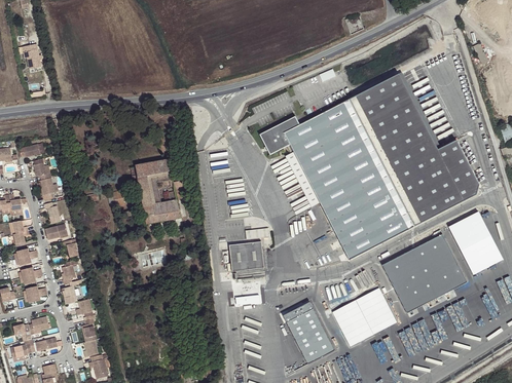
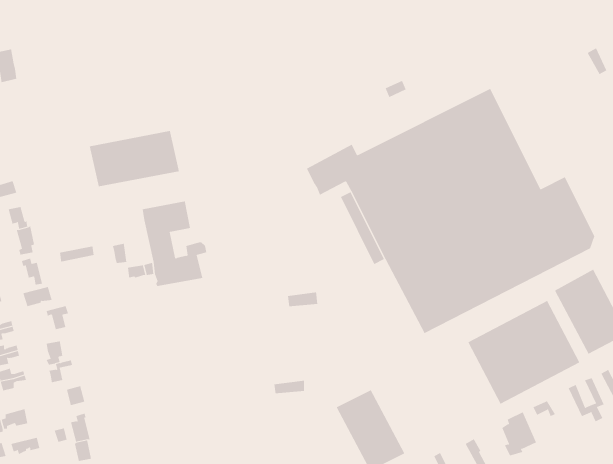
building: none -> [89,130,179,187]
building: [229,240,264,270] -> none
building: [332,286,398,346] -> none

